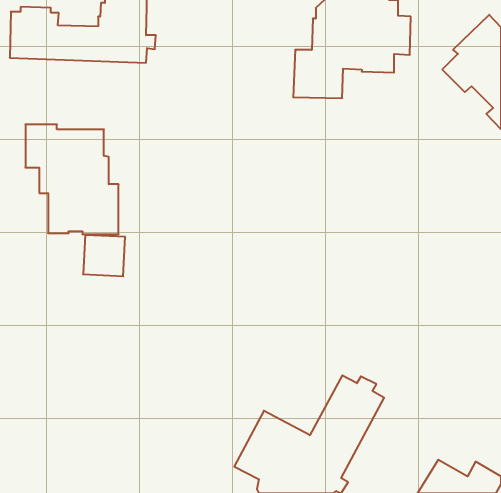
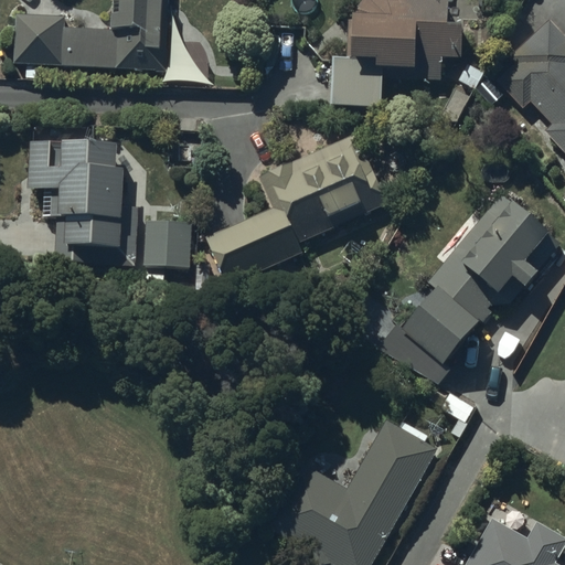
building: none -> [206,132,387,285]
building: none -> [402,199,551,369]
building: [83,235,125,276] -> [145,214,192,260]

